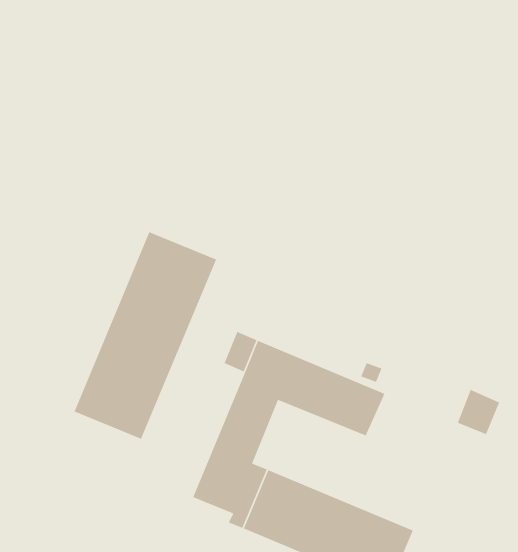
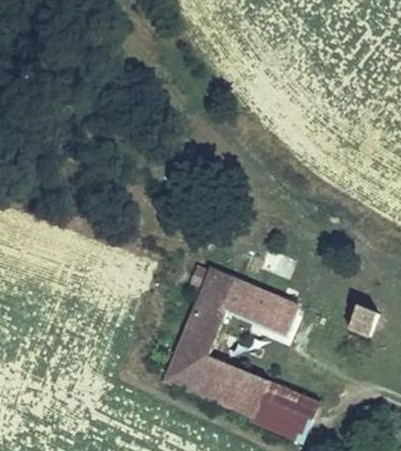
building: [73,231,217,440] -> none

